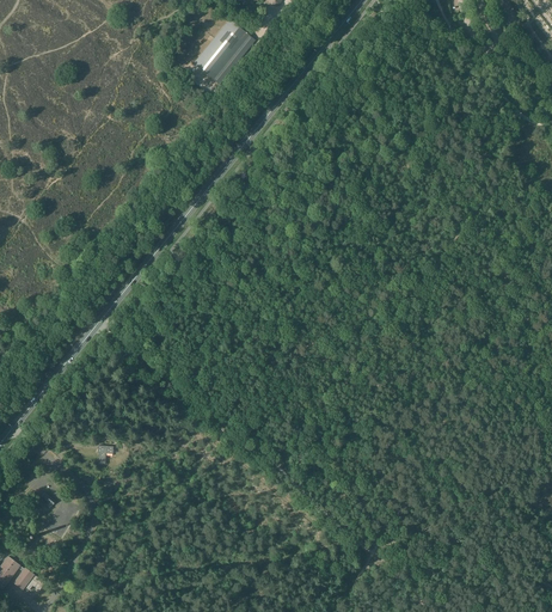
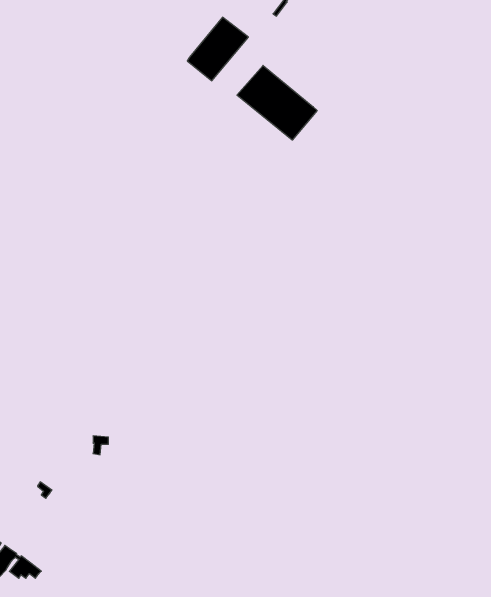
building: none -> [237,65,317,140]

